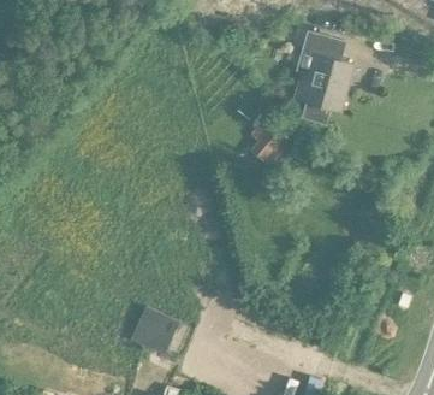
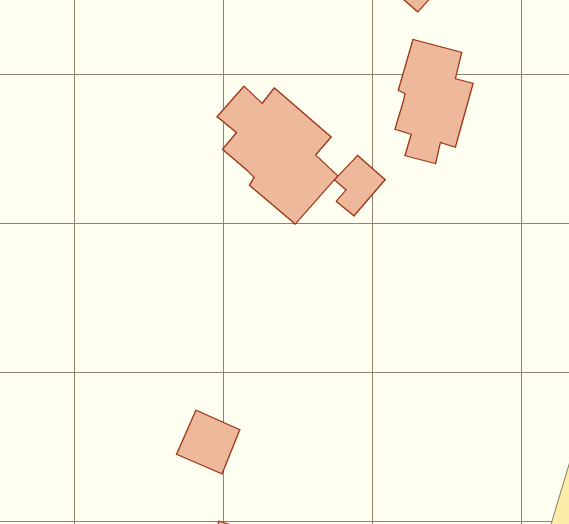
building: none -> [217,86,338,224]

